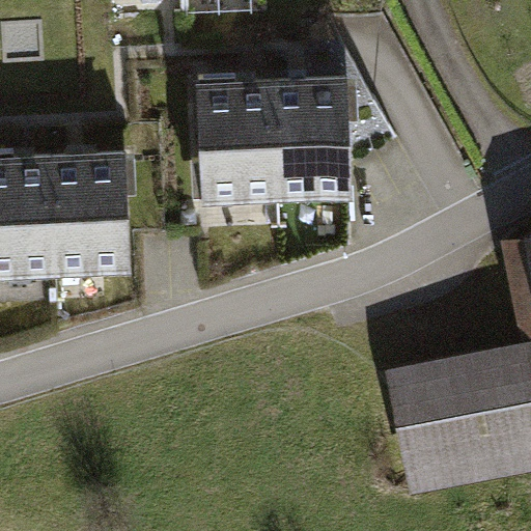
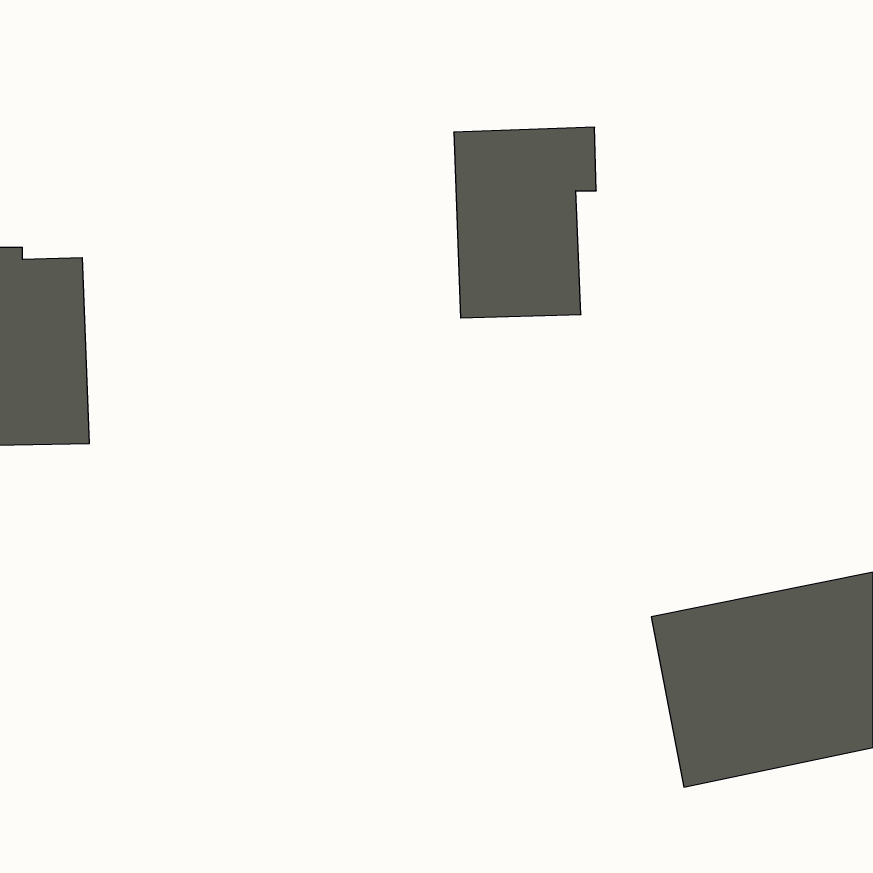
building: [194,76,277,197] -> none
building: [51,156,136,271] -> none

